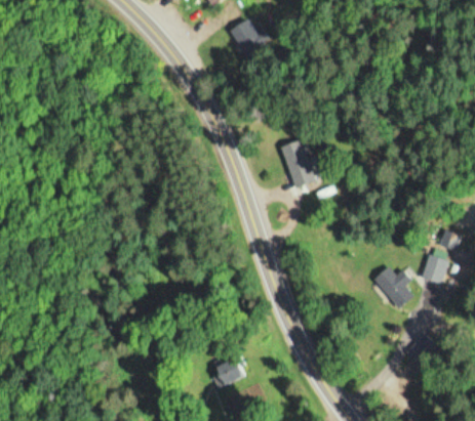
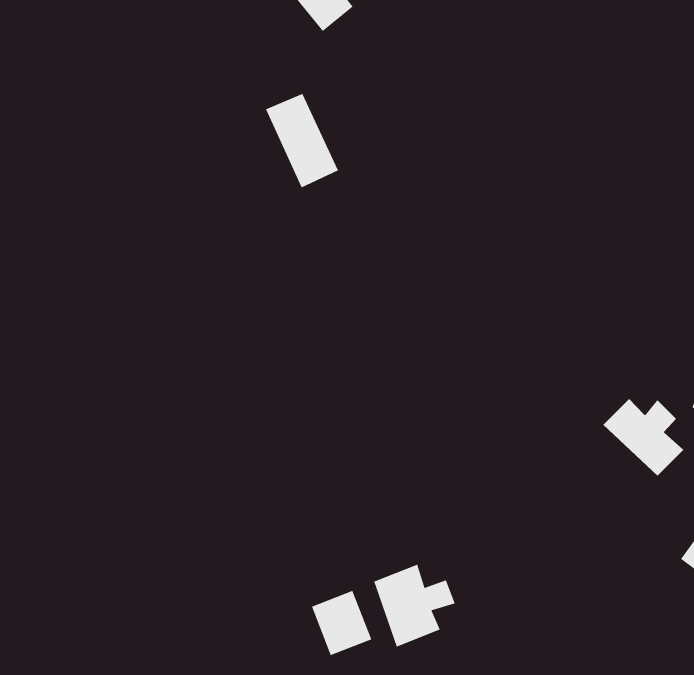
building: [282,140,317,190] -> [265,93,339,188]
building: none -> [373,564,456,647]

